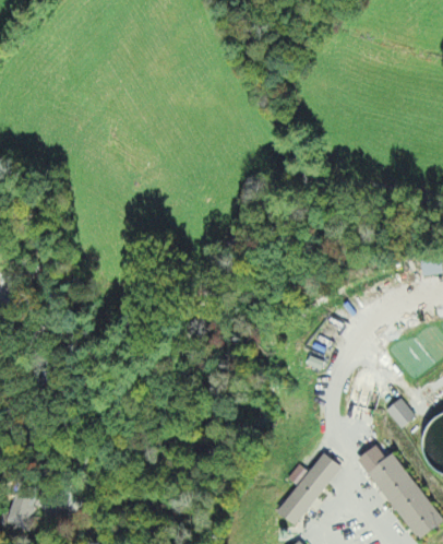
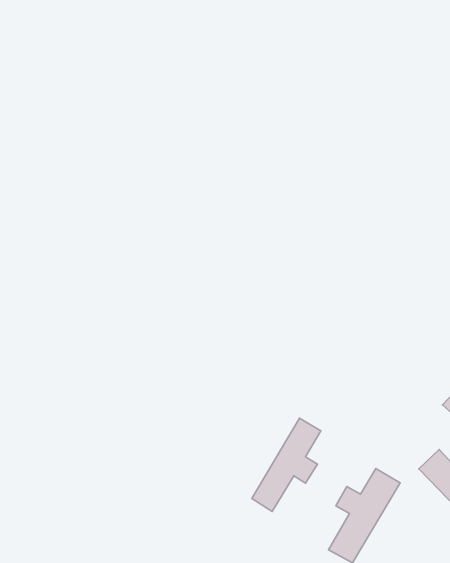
building: none -> [252,418,321,512]

